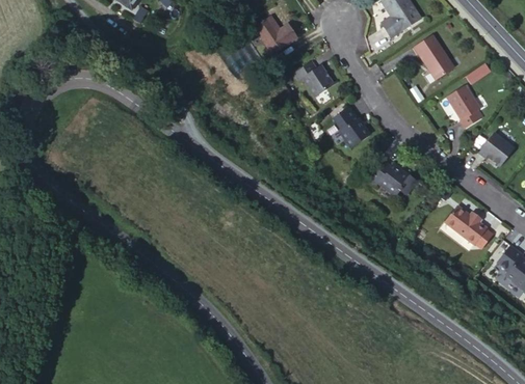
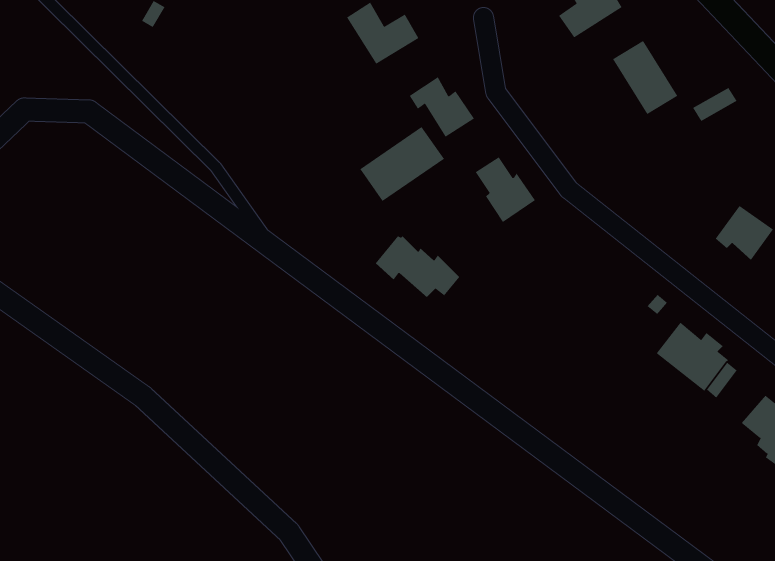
building: none -> [359,126,445,202]
building: [446,88,481,131] -> none
building: [362,157,413,194] -> [375,235,460,298]

